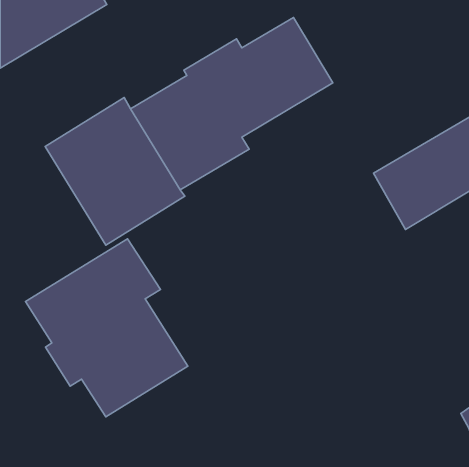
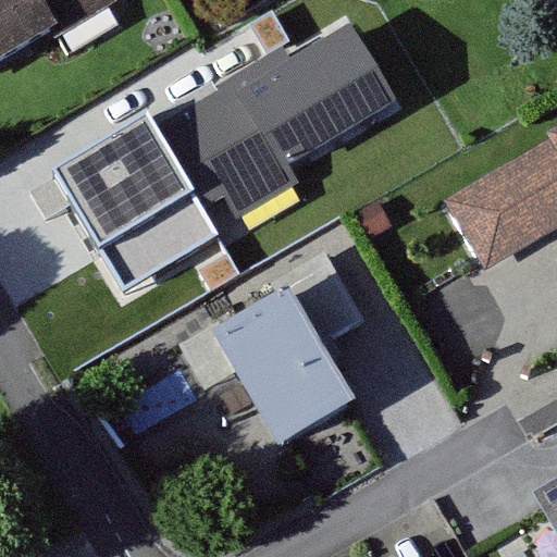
building: none -> [213,250,364,437]
building: [25,239,188,417] -> none

